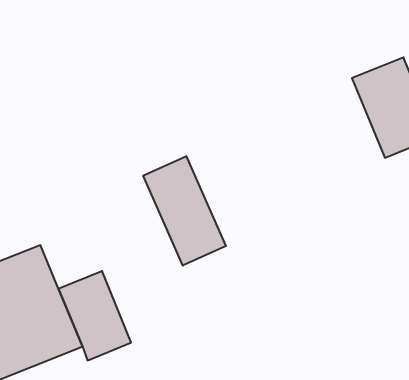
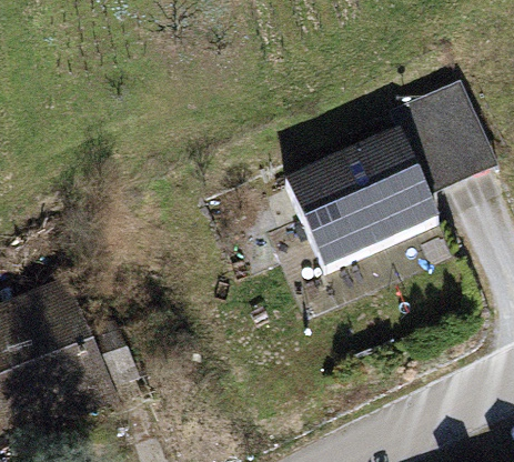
building: none -> [280,134,433,270]
building: [143,156,226,266] -> none

